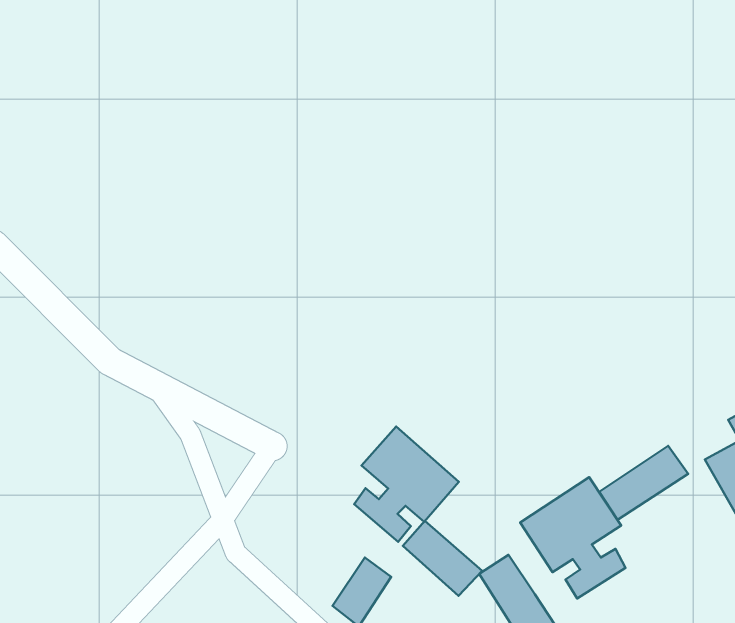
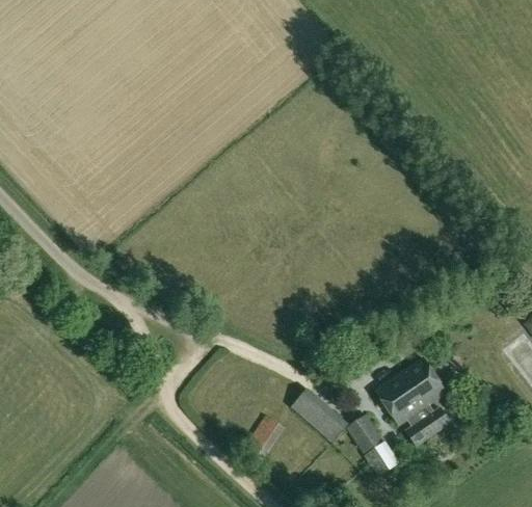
building: [354,427,459,542] -> none
building: [599,446,688,520] -> none

